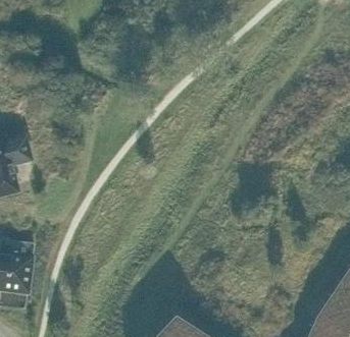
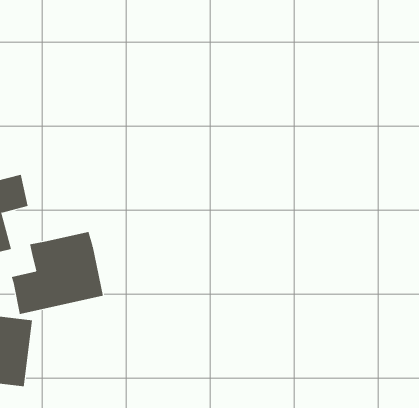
building: none -> [11,231,103,315]

